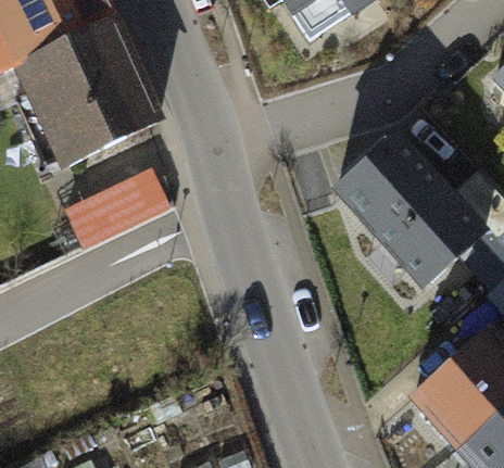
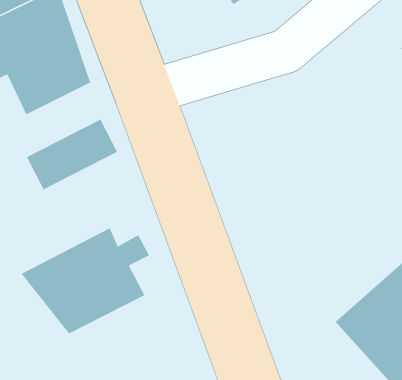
building: [333,137,490,296] -> none
building: none -> [20,227,150,334]

